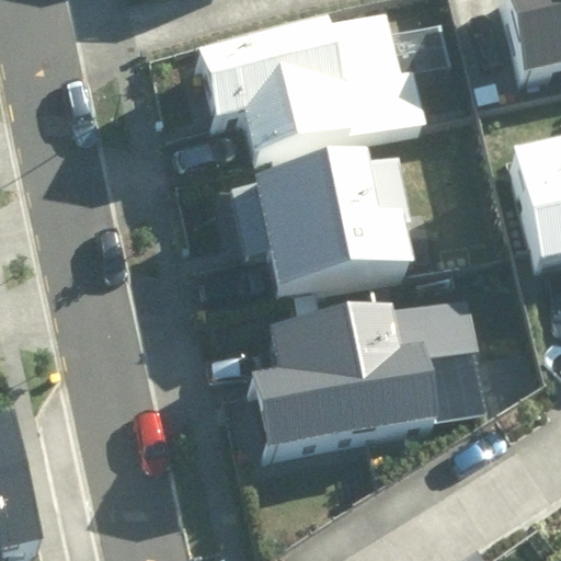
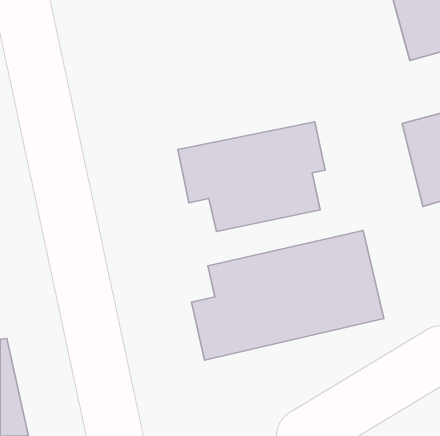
building: [195,11,426,144] -> none

